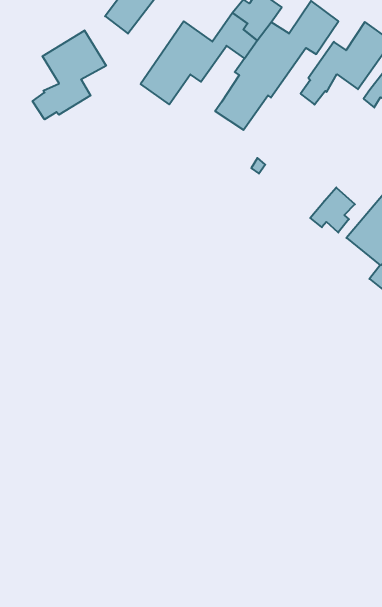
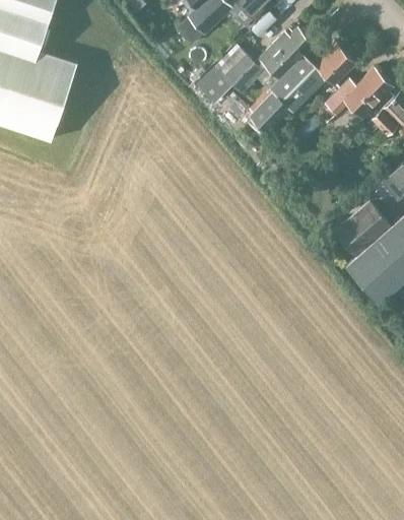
building: [33,30,106,119] -> none
building: [310,187,355,233] -> none

